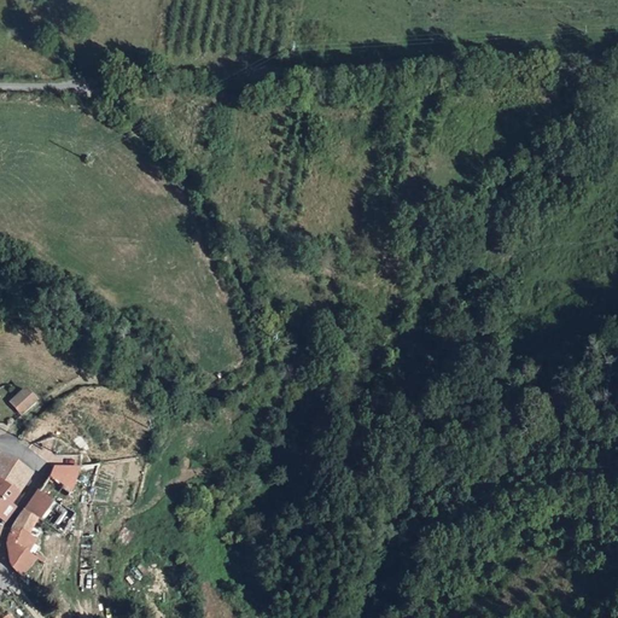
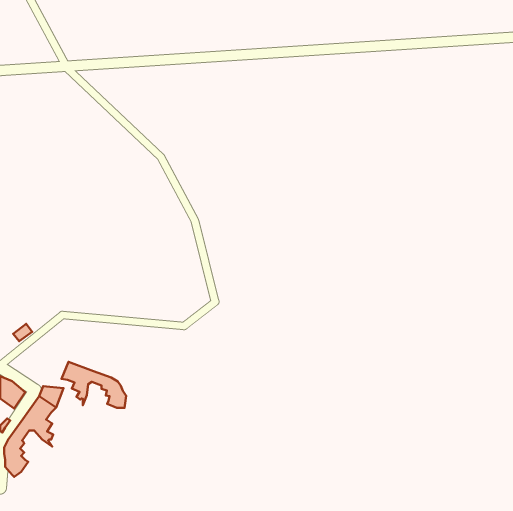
building: none -> [62,362,126,408]

